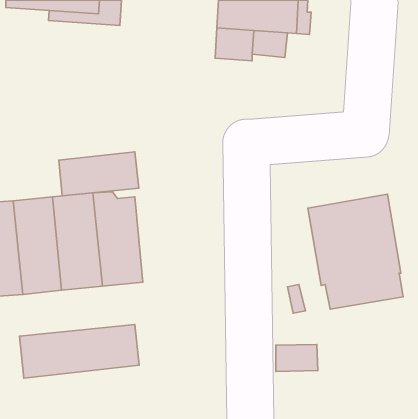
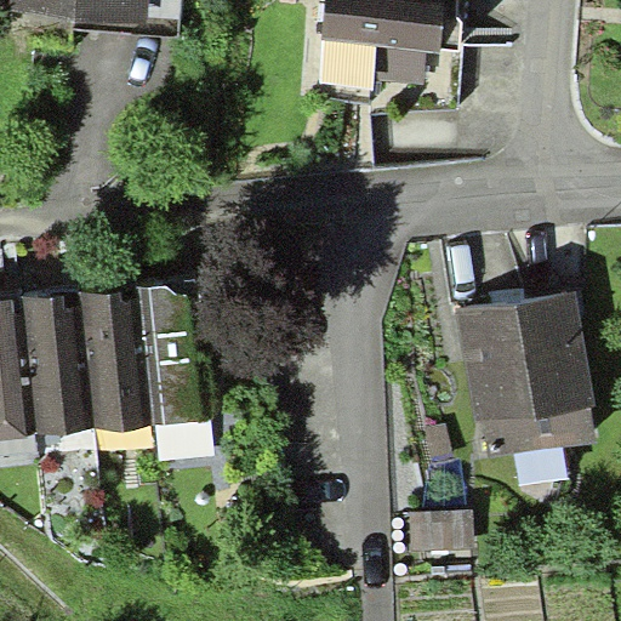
building: [59,152,139,196] -> none
building: [19,324,139,378] -> none

